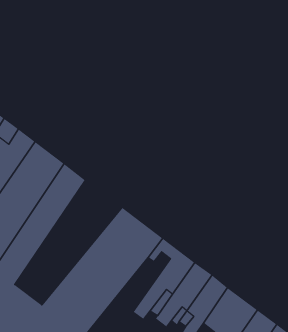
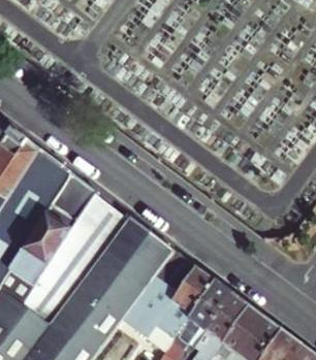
building: none -> [22,193,136,326]

